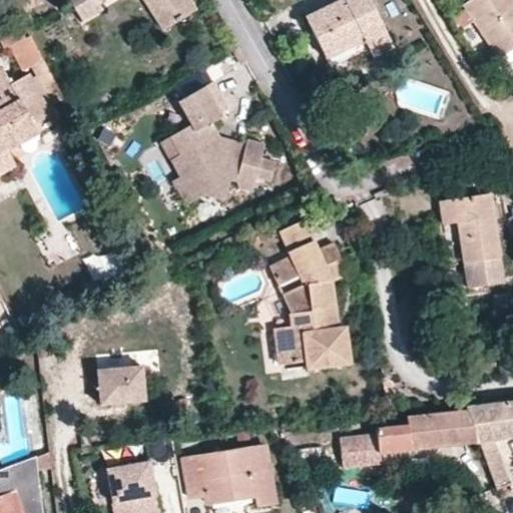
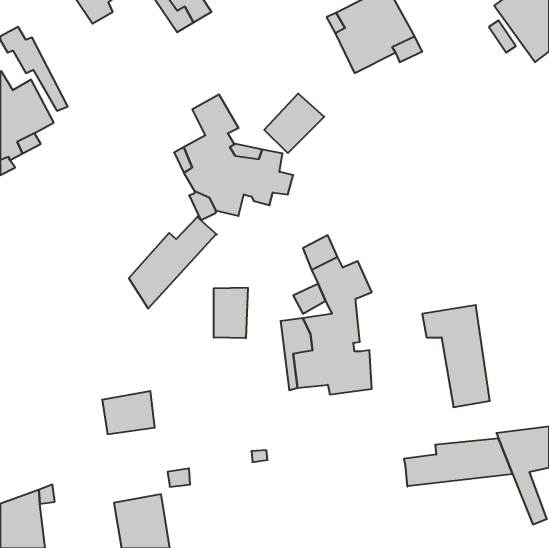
building: none -> [264,93,324,153]
building: [440,193,503,289] -> [422,305,490,407]
building: none -> [129,217,217,309]
building: none -> [214,288,248,338]
building: [341,434,382,469] -> none
building: [182,448,276,506] -> none

